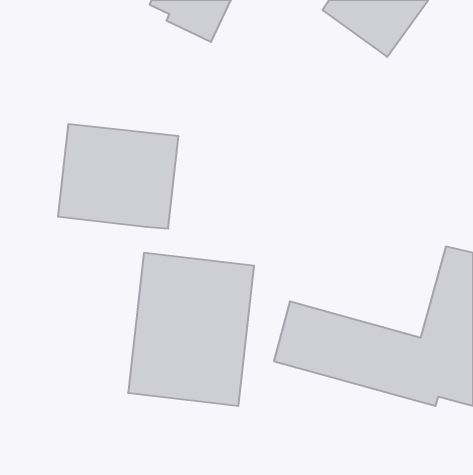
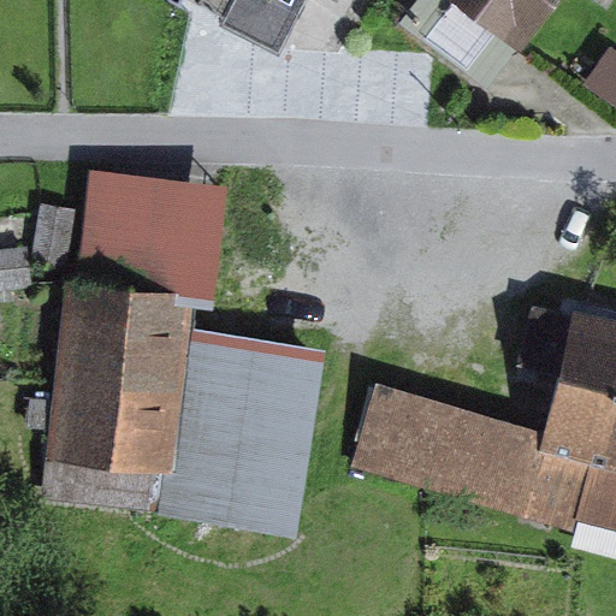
building: none -> [51,282,189,509]

